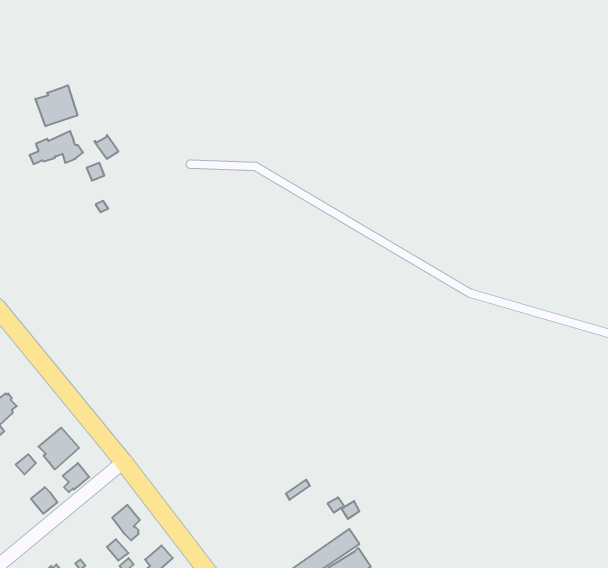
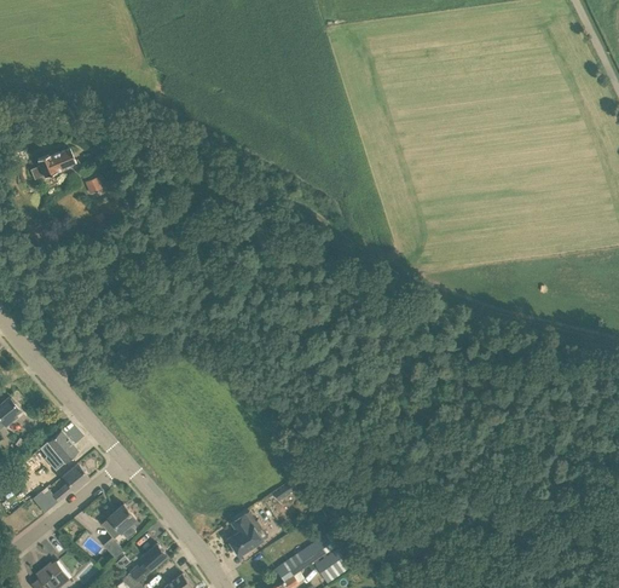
building: [35,85,77,126] -> none
building: none -> [228,511,267,555]

